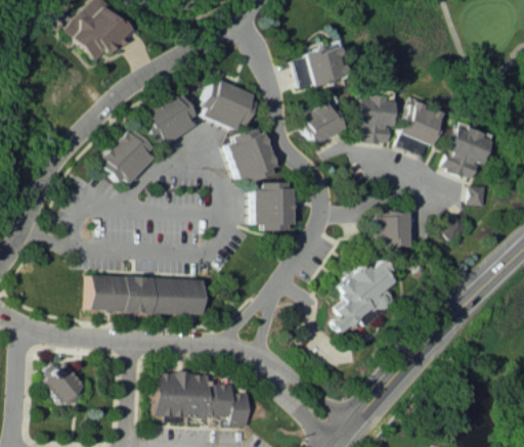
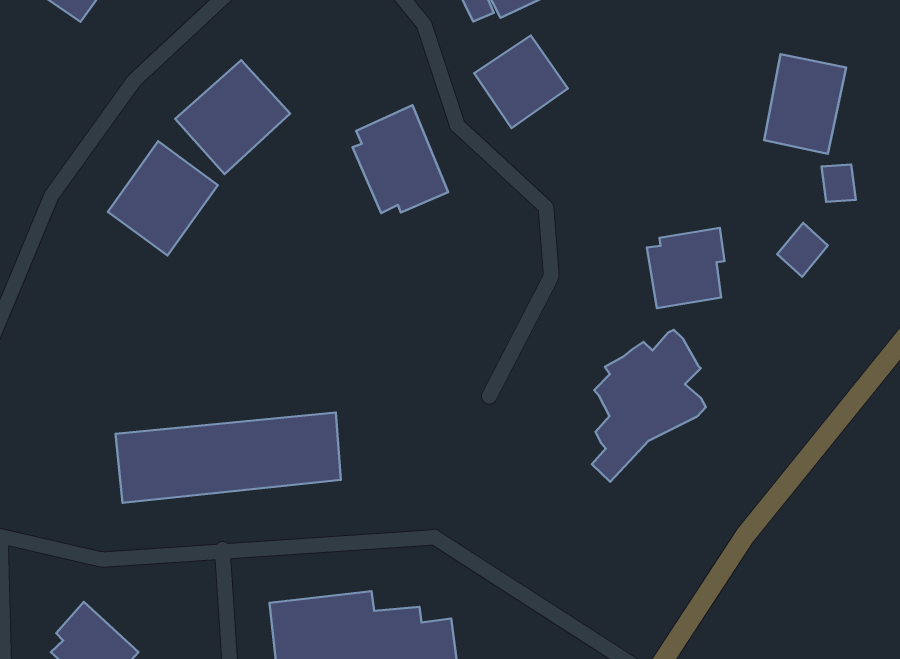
building: [204,79,258,129] -> none
building: [358,95,397,144] -> none
building: [397,101,445,158] -> none
building: [255,182,293,231] -> none

